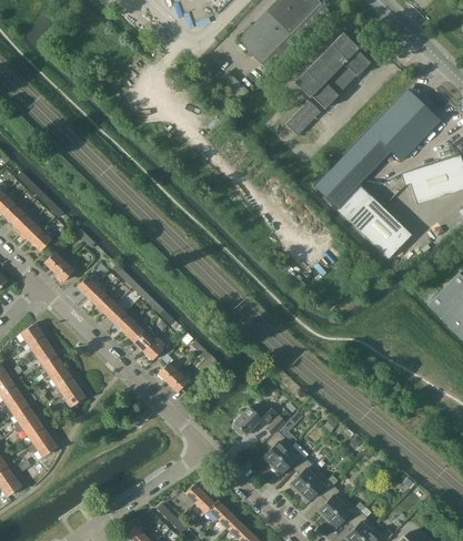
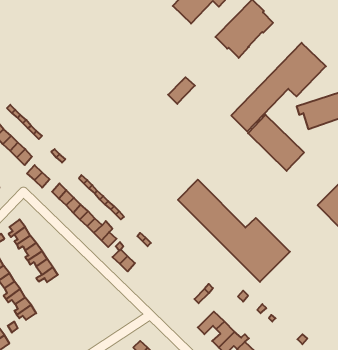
building: [285,101,321,136] -> [168,77,195,104]
building: none -> [178,180,290,282]
building: [234,405,278,435] -> none
building: [262,431,292,467] -> none

